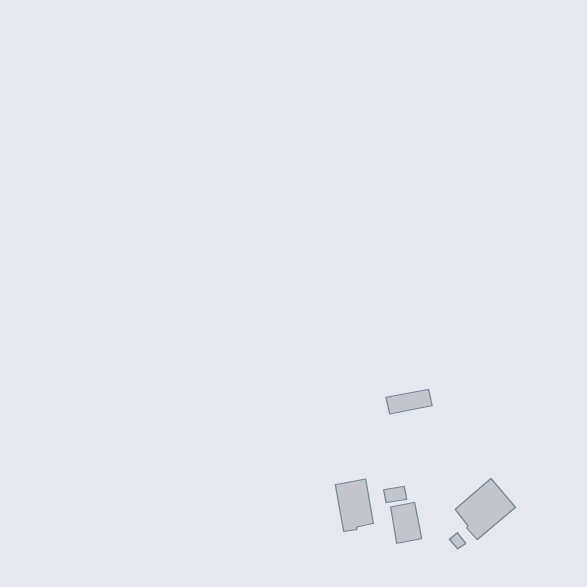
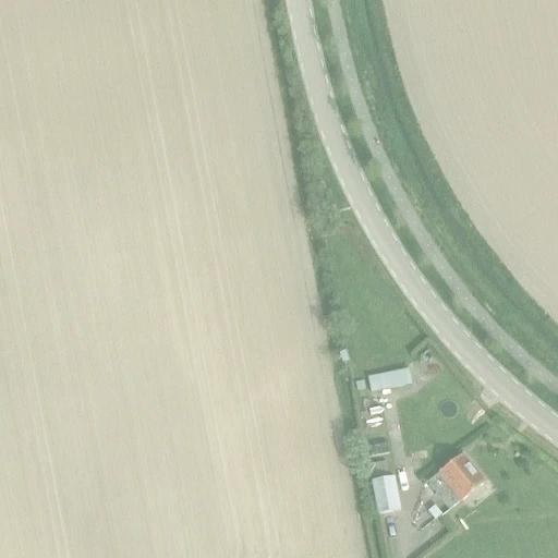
building: [335,479,373,532] -> none

